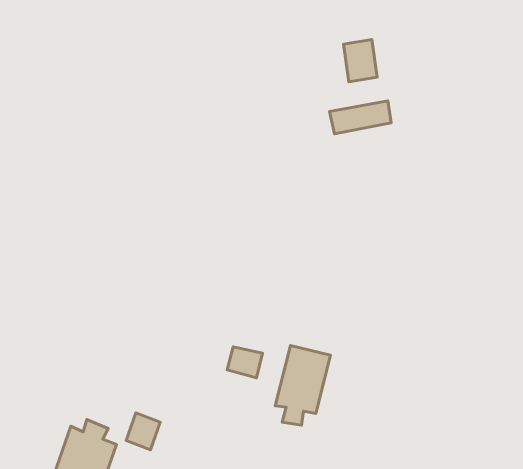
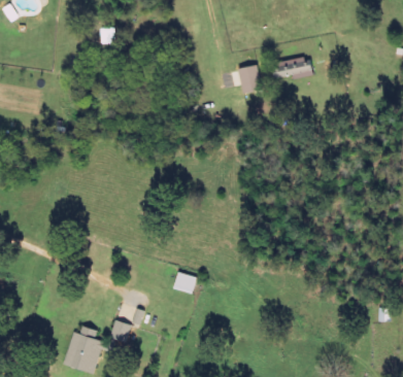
building: [330,101,391,134] -> [270,55,311,78]
building: [275,346,330,425] -> none

